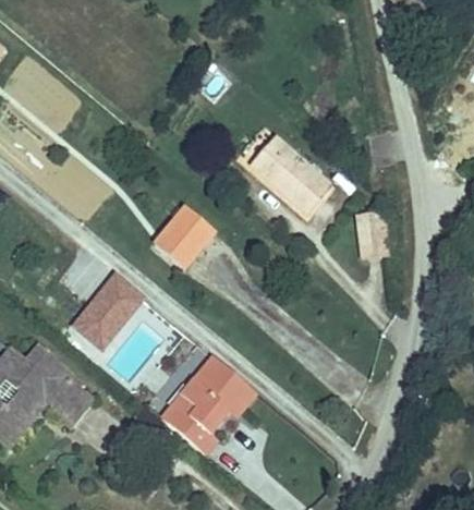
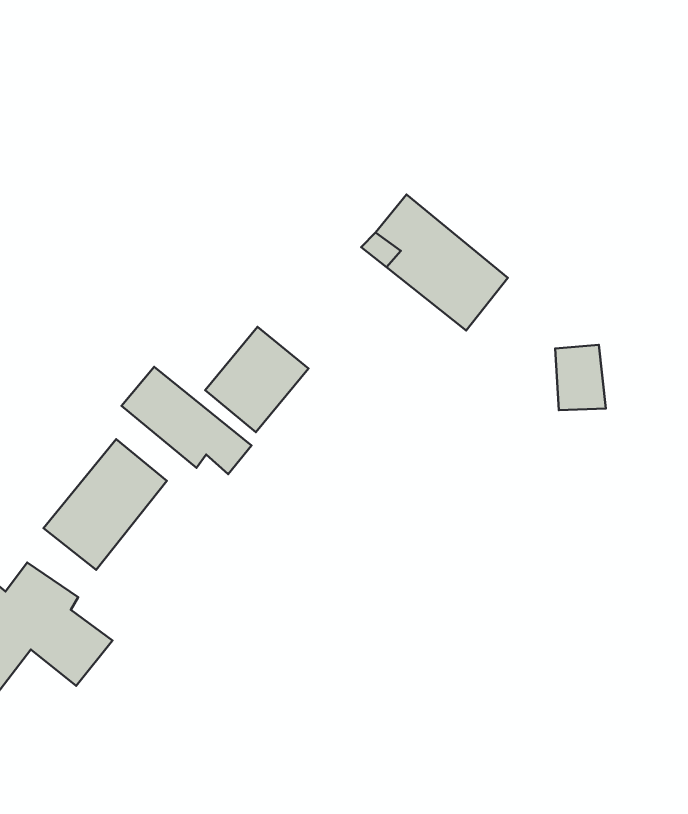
building: none -> [122,367,252,474]
building: [168,361,259,457] -> none

